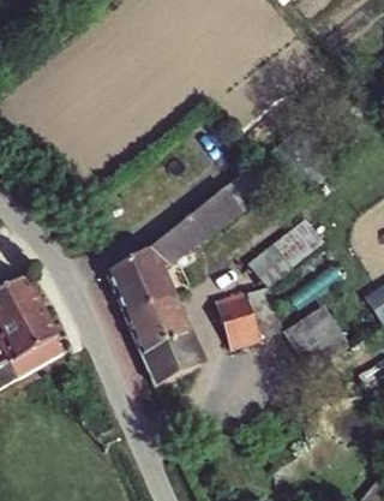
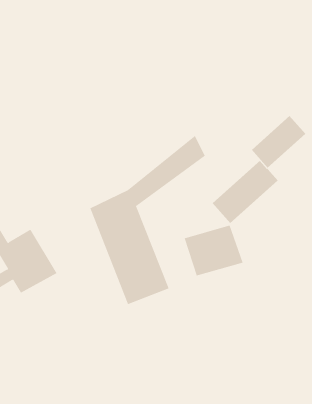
building: none -> [251,115,306,168]
building: [288,304,352,366] -> none

